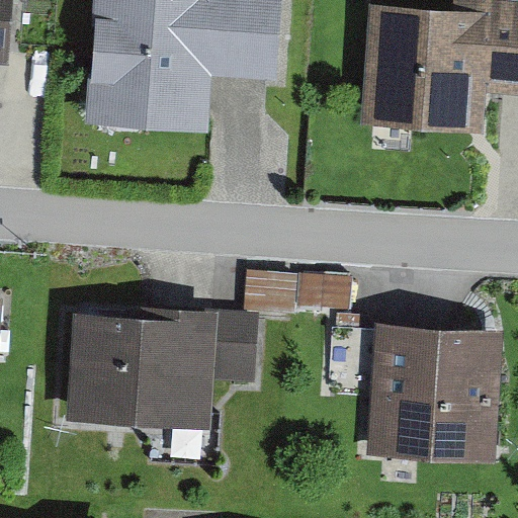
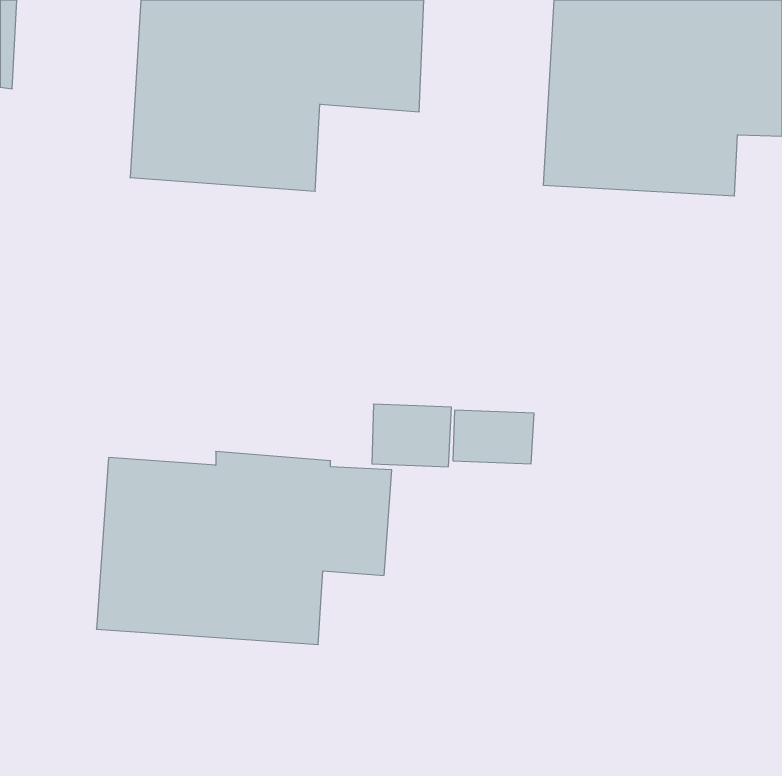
building: [368,321,505,462] -> none

